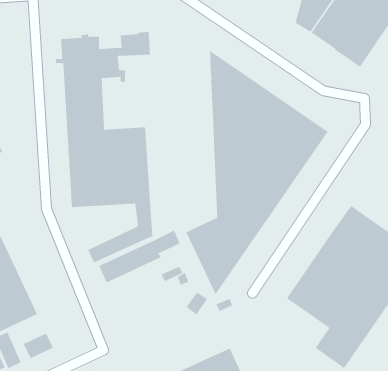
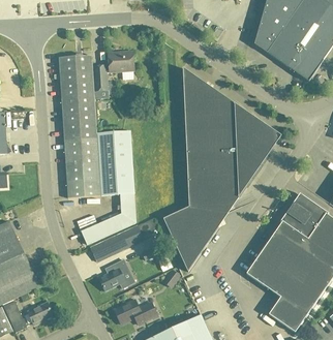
building: none -> [97,258,129,290]
building: none -> [114,299,157,326]

